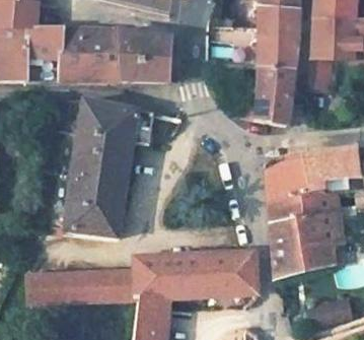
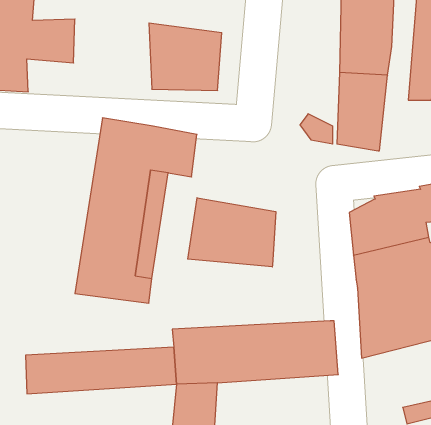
building: [28,27,121,81] -> none
building: none -> [188,198,276,267]

